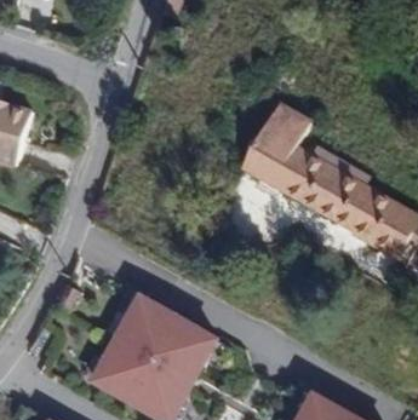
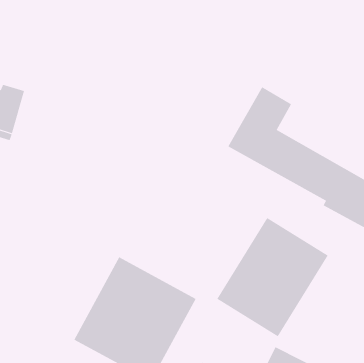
building: none -> [216,217,329,337]

